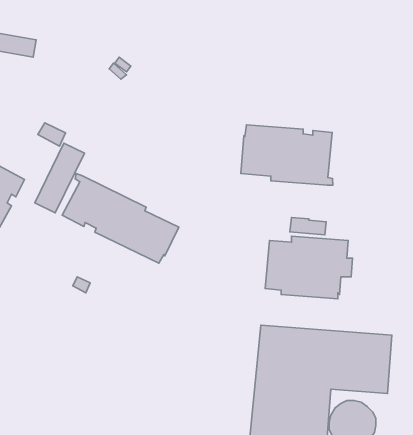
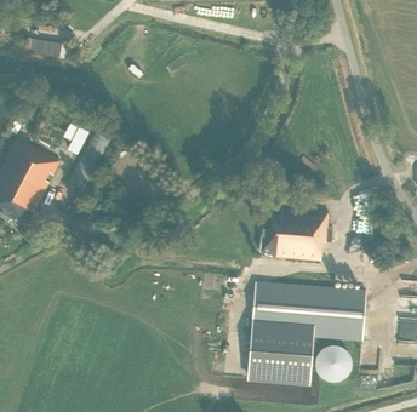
building: [241,125,333,185] -> none
building: [62,173,179,263] -> none

